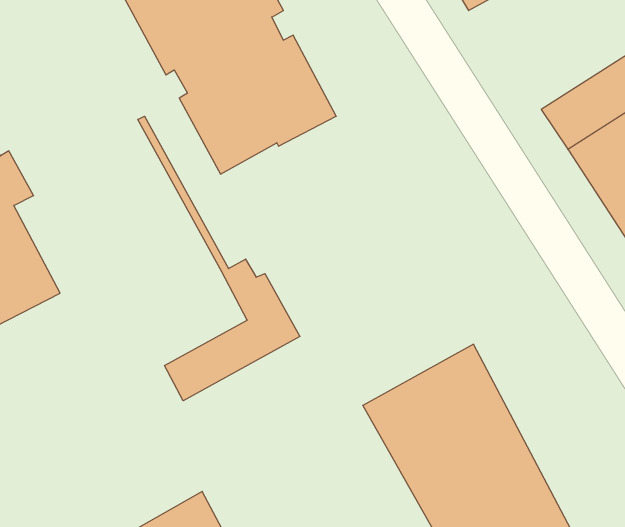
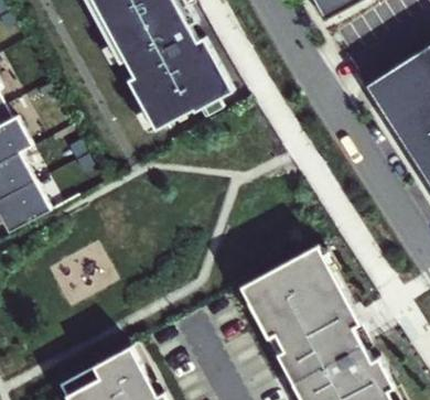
building: [138,116,300,401] -> none

